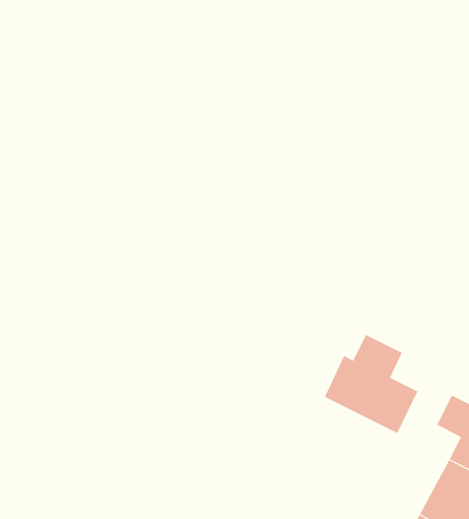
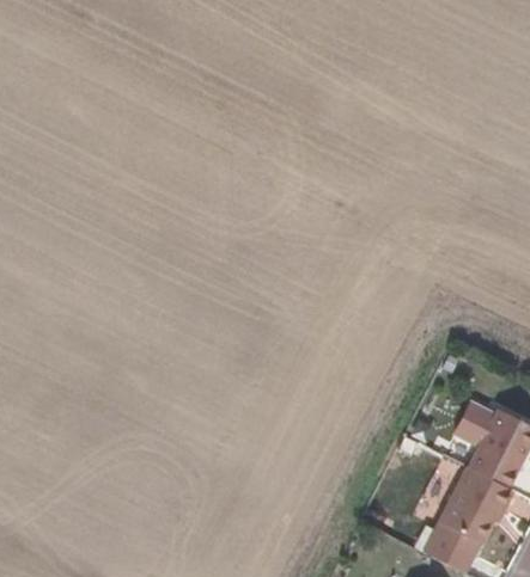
building: [324,334,418,434] -> none

